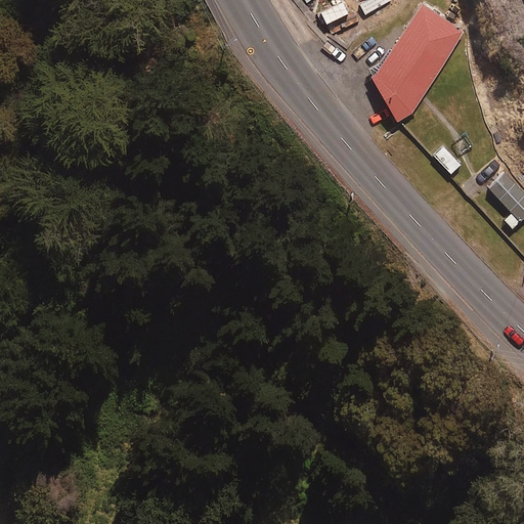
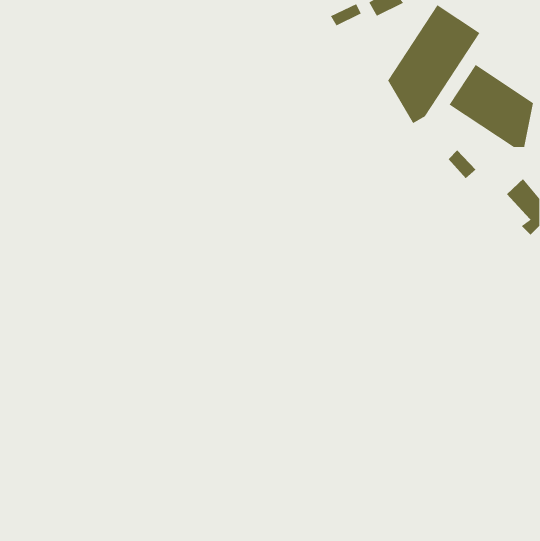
building: none -> [449,64,534,148]

